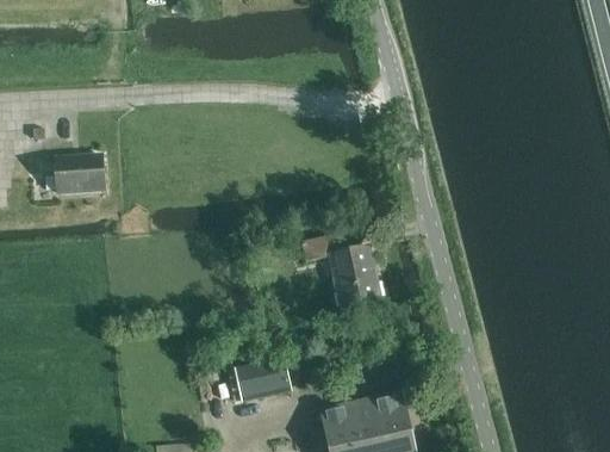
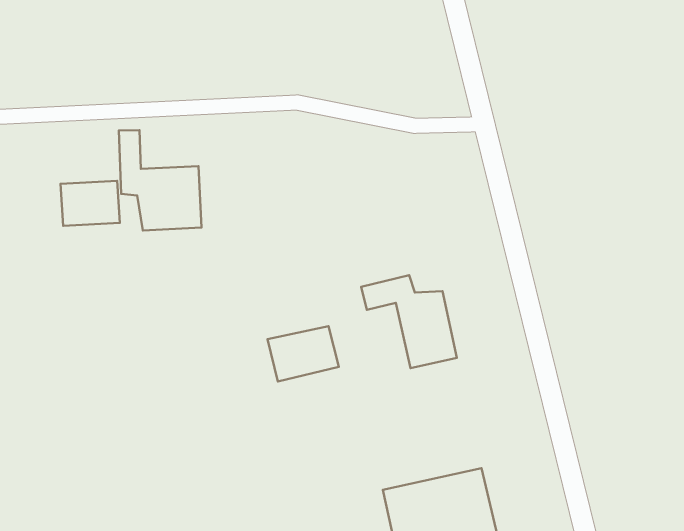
building: none -> [119,130,202,230]
building: [236,355,294,401] -> [268,326,339,381]

